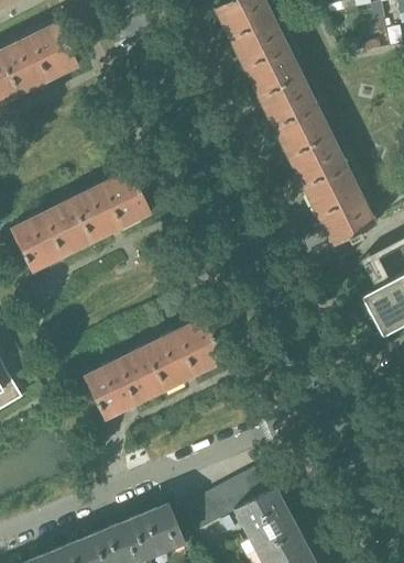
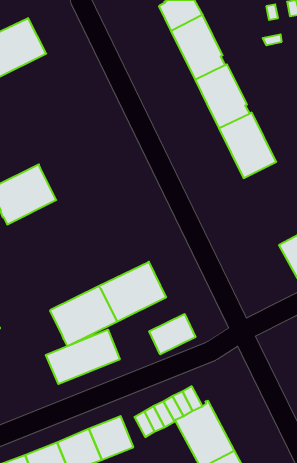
building: [72,169,153,242] -> none
building: [319,196,376,245] -> none
building: none -> [149,314,195,354]
building: none -> [46,330,120,384]

